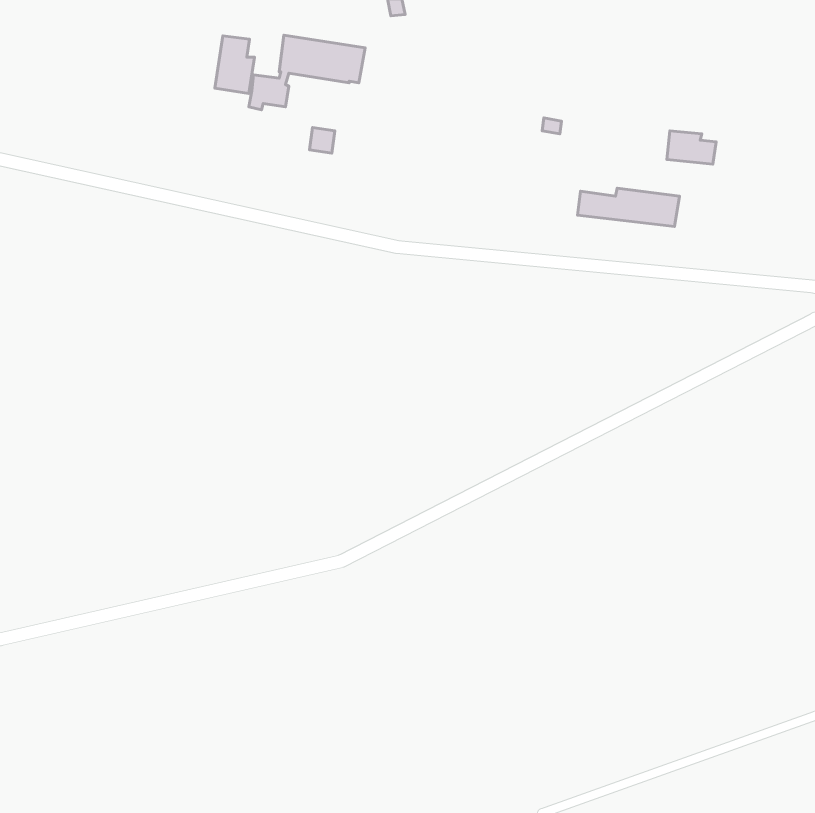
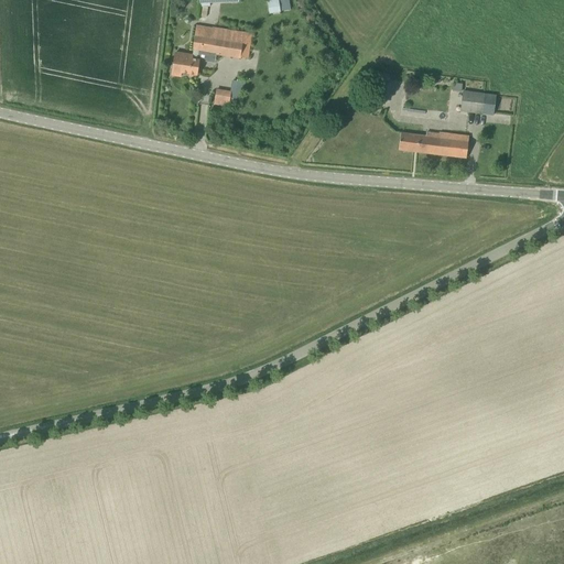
building: [215,36,255,93] -> none

